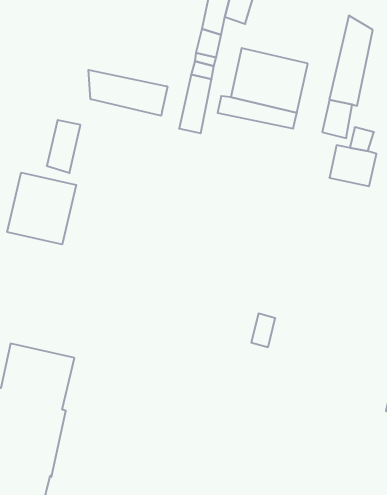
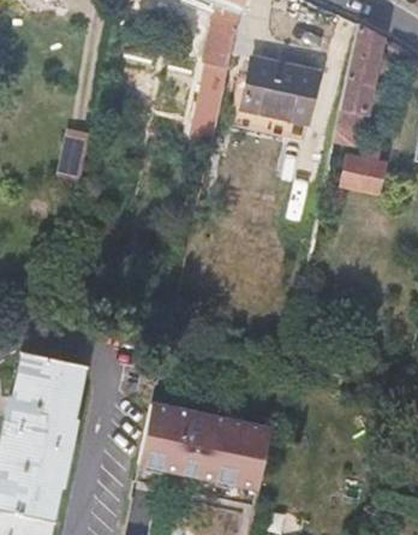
building: [88,70,168,116] -> none
building: [7,173,76,244] -> none
building: none -> [141,398,273,483]

